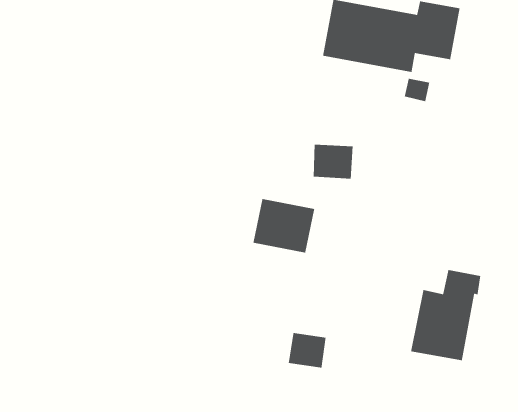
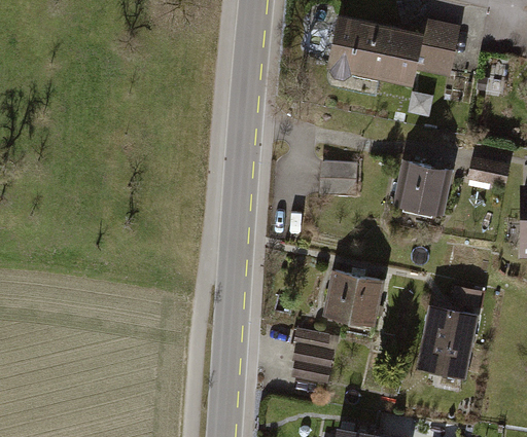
building: none -> [390,154,450,215]
building: none -> [466,158,507,186]
building: [252,198,315,253] -> [321,269,383,324]

